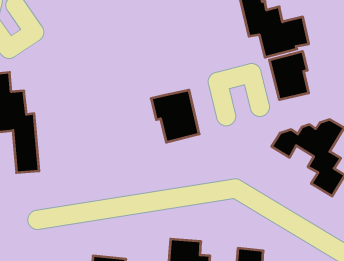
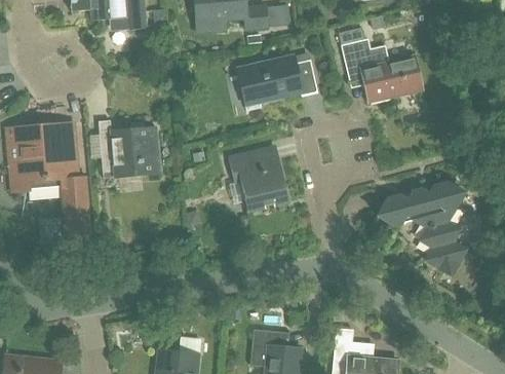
building: none -> [237,55,319,105]
building: [269,51,309,100] -> none
building: none -> [99,119,160,177]

